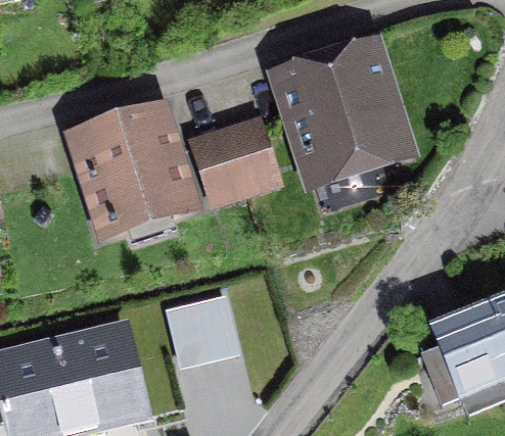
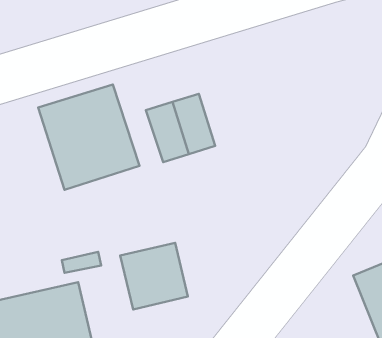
building: [277,49,400,171] -> none

